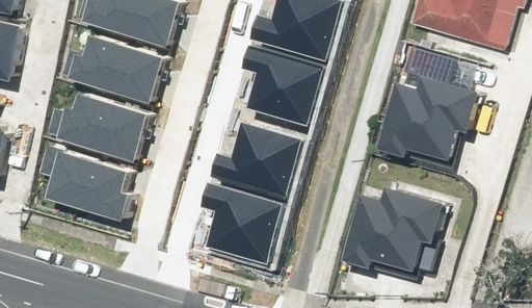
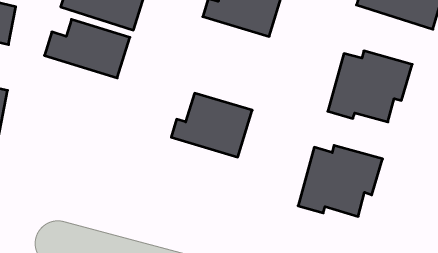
building: [239,49,322,126] -> none
building: [43,94,141,161] -> none
building: [36,148,125,221] -> none
building: [201,185,284,261] -> none

